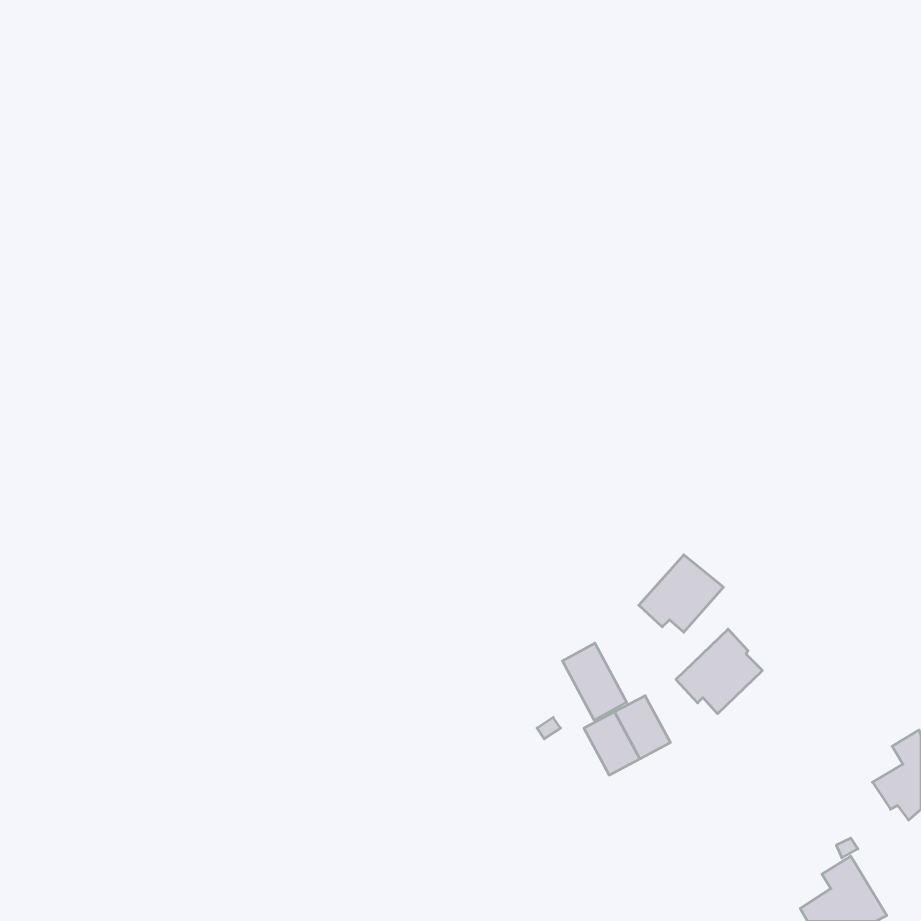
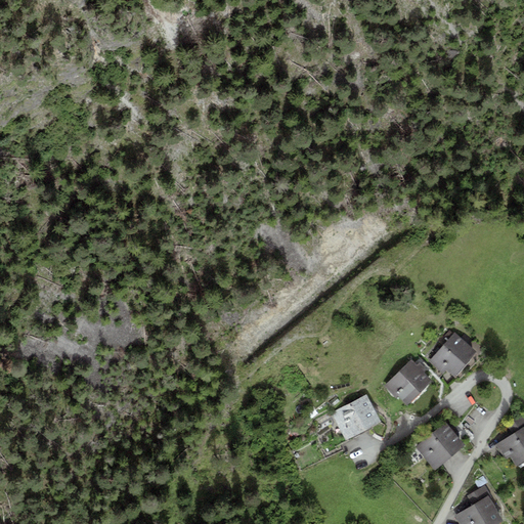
building: [639,555,723,632] -> [429,333,477,377]
building: [562,643,627,720] -> none
building: none -> [414,421,465,470]

